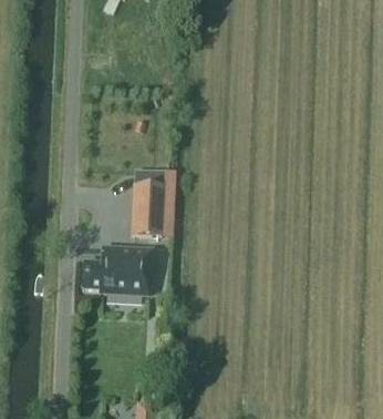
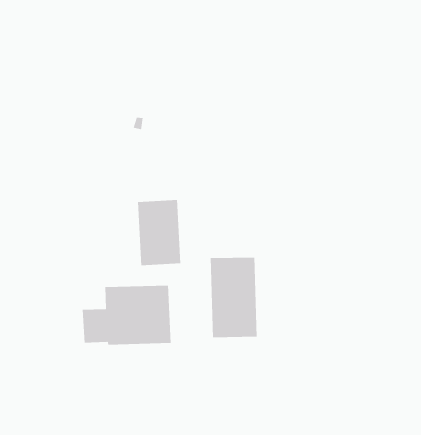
building: none -> [210,257,257,338]

